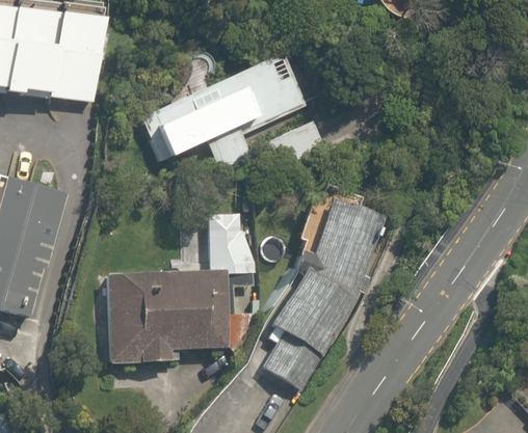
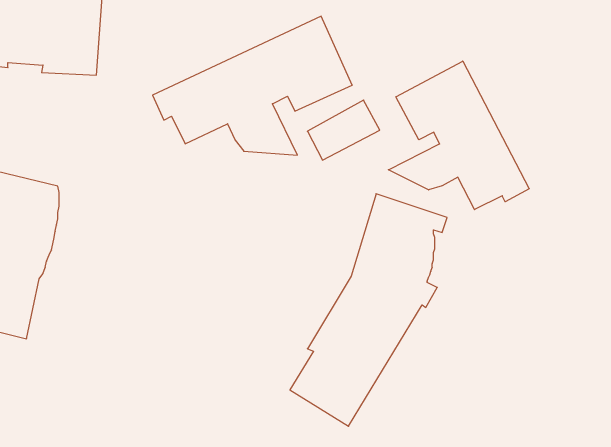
building: none -> [388,61,529,210]
building: [108,211,257,363] -> none

